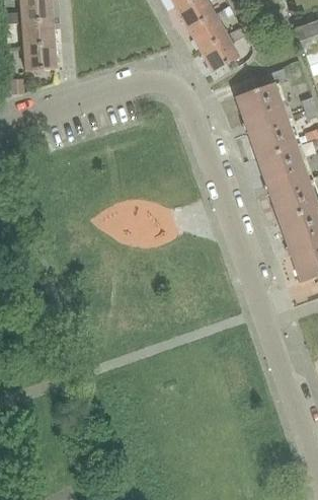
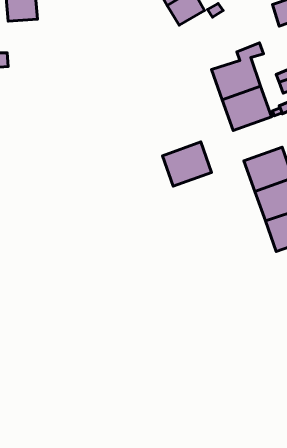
building: [202,34,241,72] -> none
building: [25,44,57,71] -> none
building: [257,144,308,190] -> [163,142,212,186]

